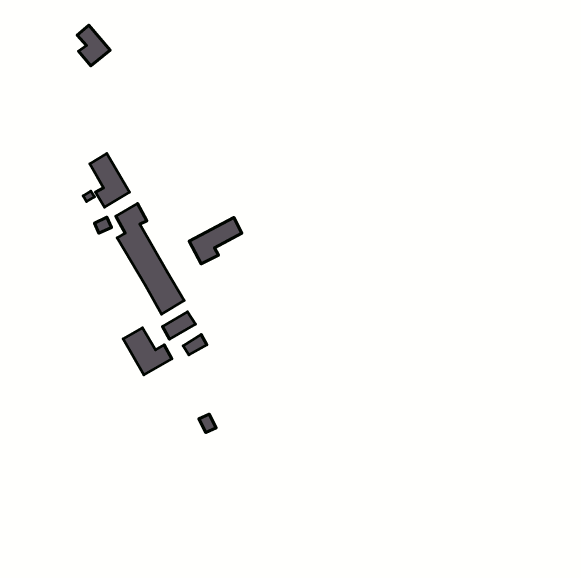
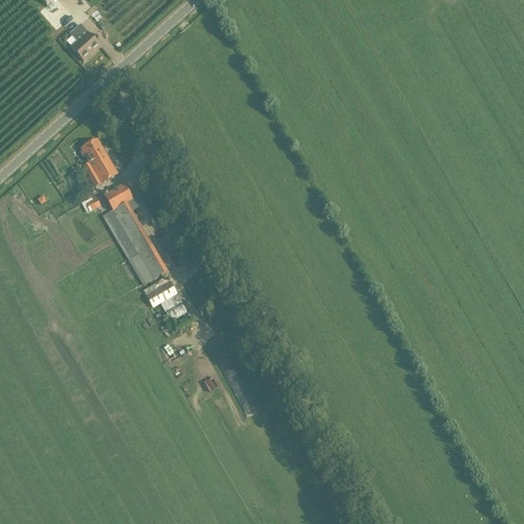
building: [189,217,242,264] -> none
building: [123,328,172,375] -> none

